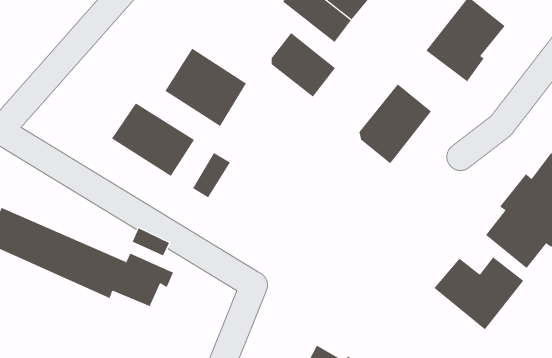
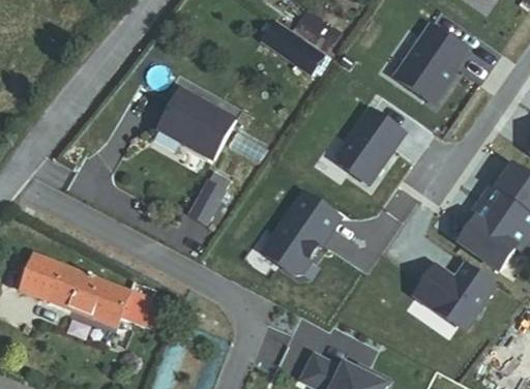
building: [271,32,336,97] -> none
building: [111,103,195,177] -> none
building: none -> [264,192,341,273]

